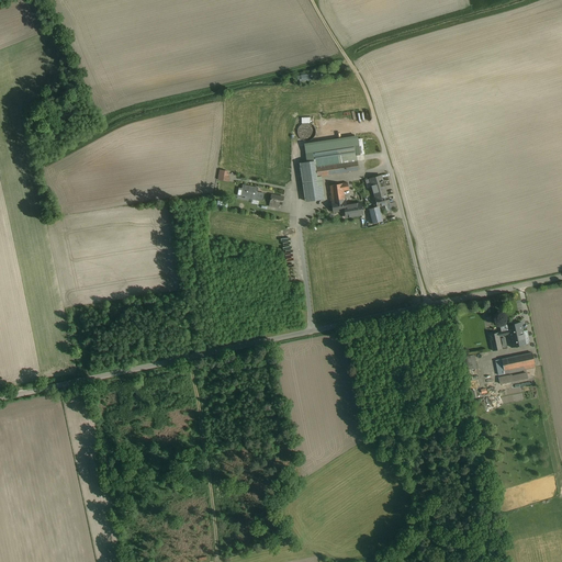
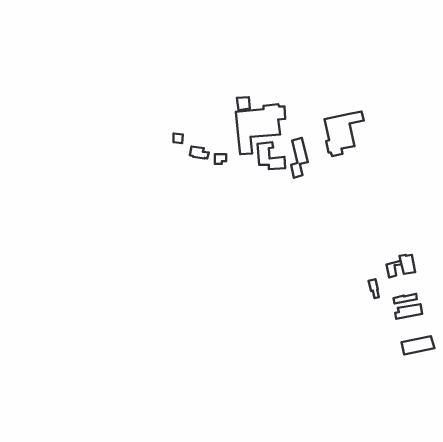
building: none -> [324,111,364,156]
building: [494,353,536,376] -> [401,336,434,354]

